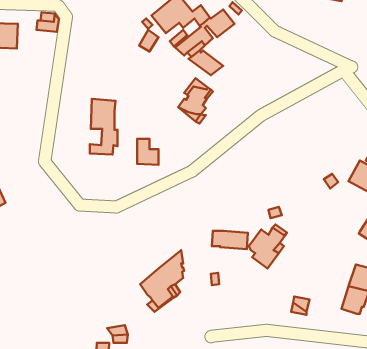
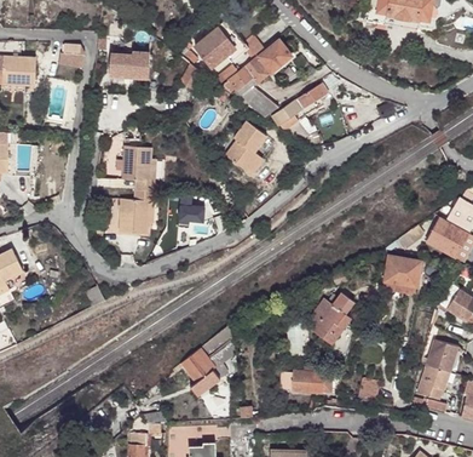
building: none -> [110,52,149,76]
building: none -> [269,82,328,145]
building: none -> [120,210,148,235]
building: none -> [383,256,421,295]
building: [212,231,248,249] -> [281,372,323,394]

